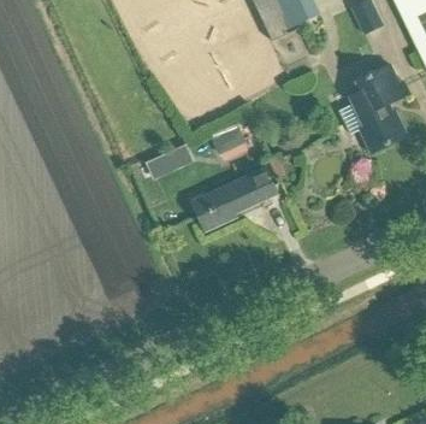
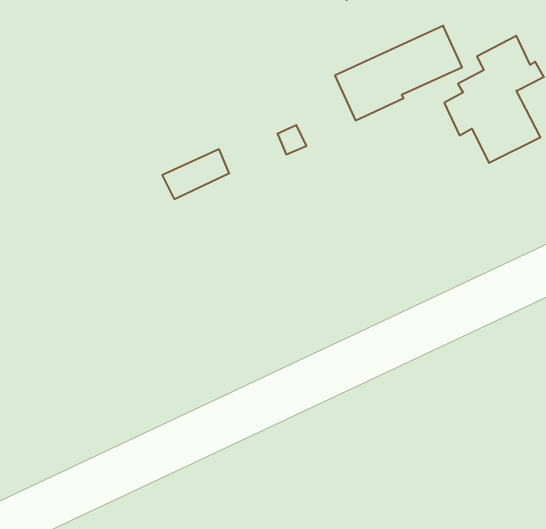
building: [189,166,278,232] -> [335,26,462,120]

